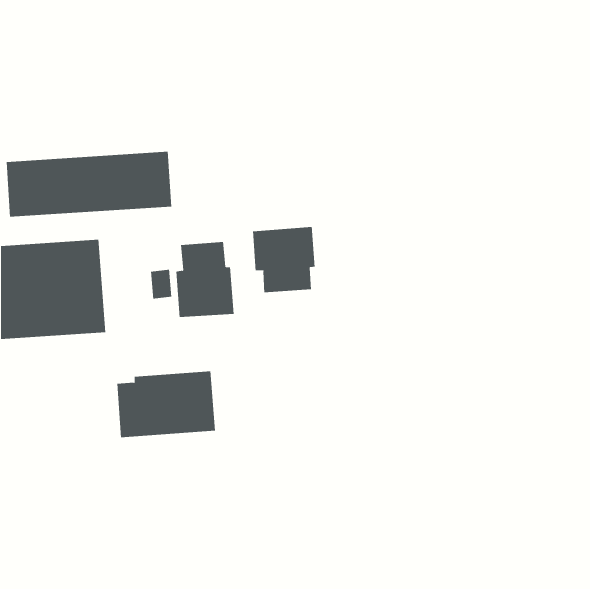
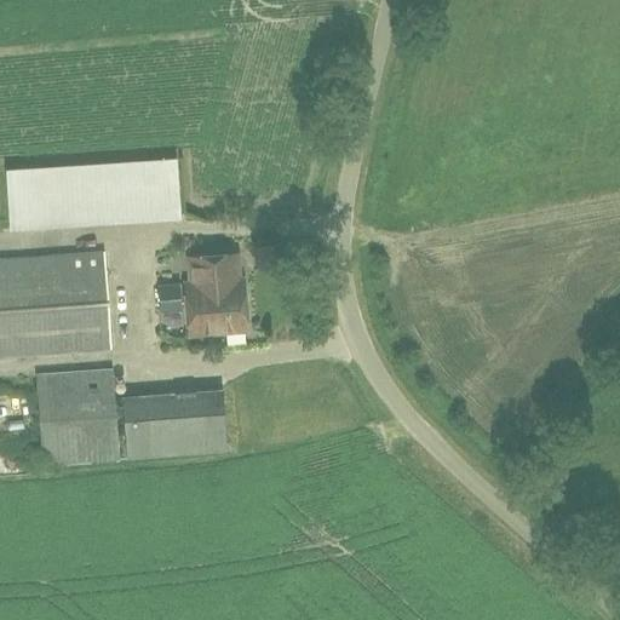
building: [252,226,315,293] -> none
building: none -> [35,369,120,466]

